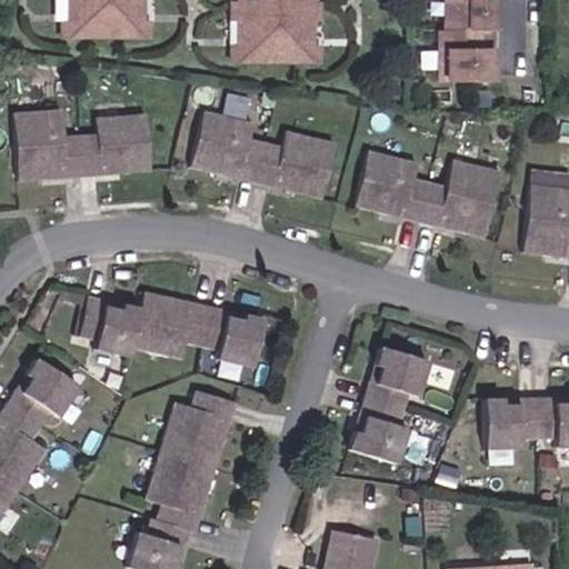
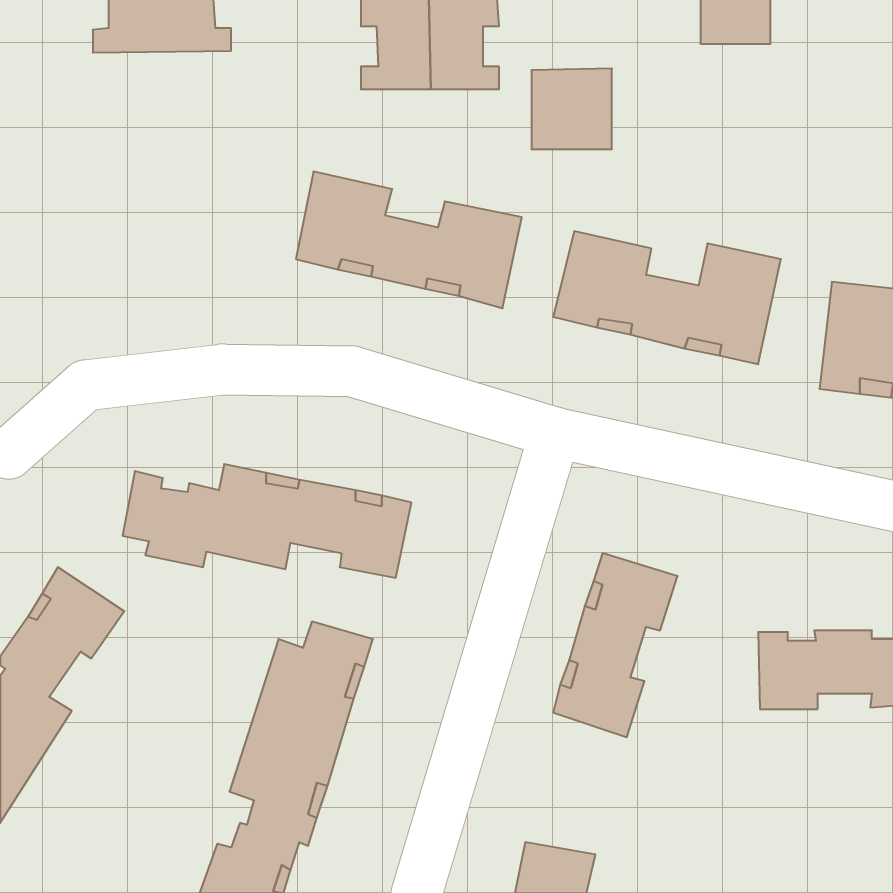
building: [439,28,490,79] -> [531,68,612,149]
building: [11,108,148,178] -> none

